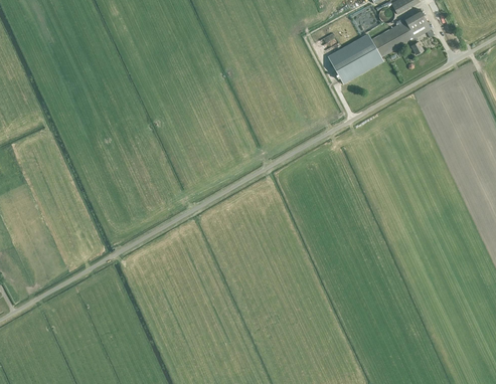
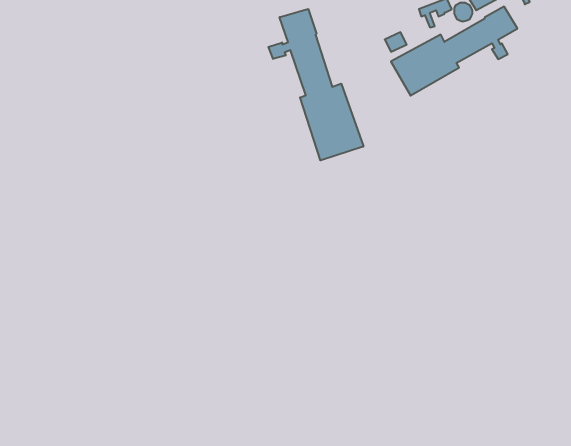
building: none -> [268,9,363,160]

